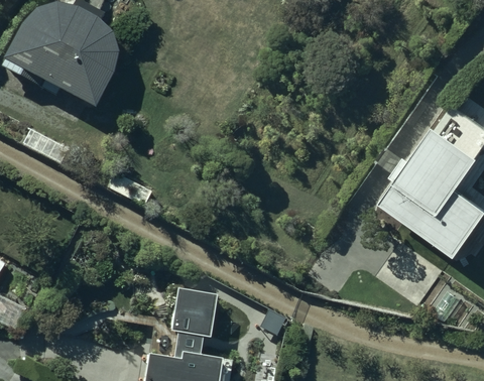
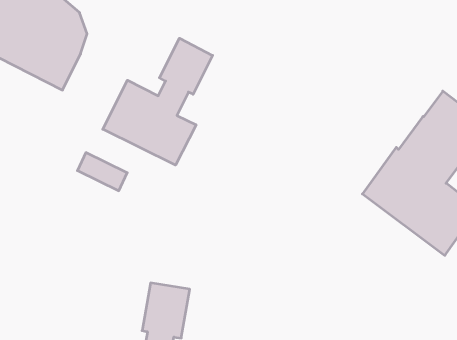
building: none -> [103,38,213,165]

